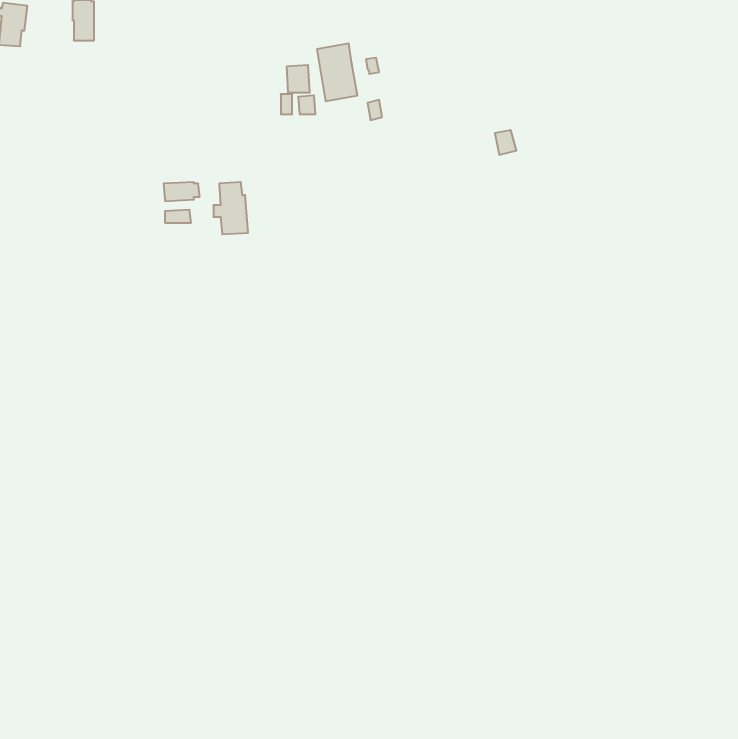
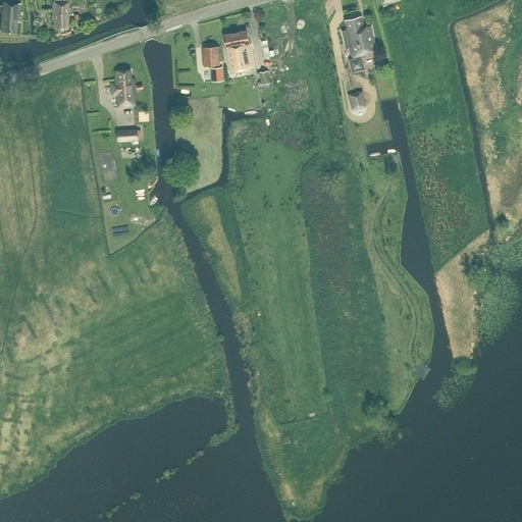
building: none -> [345,16,373,67]
building: [213,182,248,234] -> [110,70,135,107]

